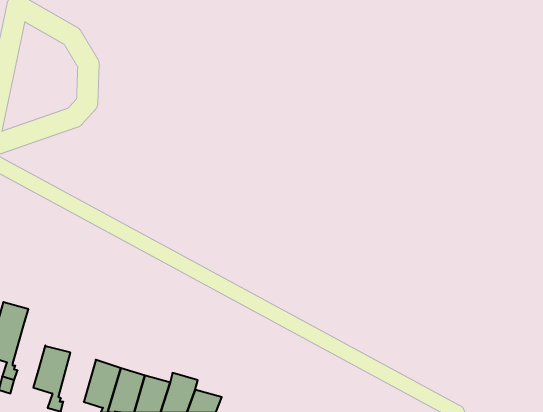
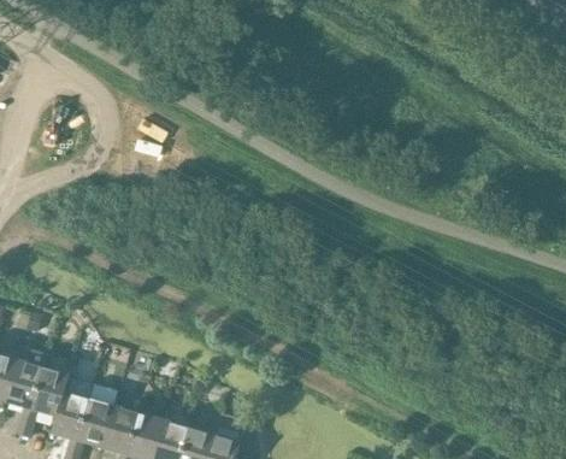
building: none -> [31,366,70,416]
building: none -> [77,398,114,447]

